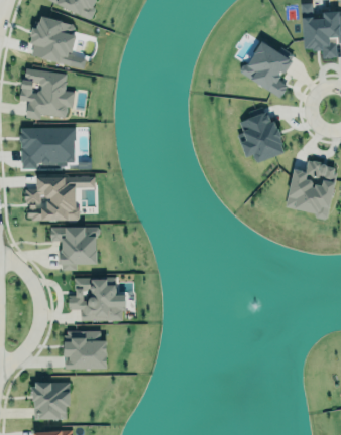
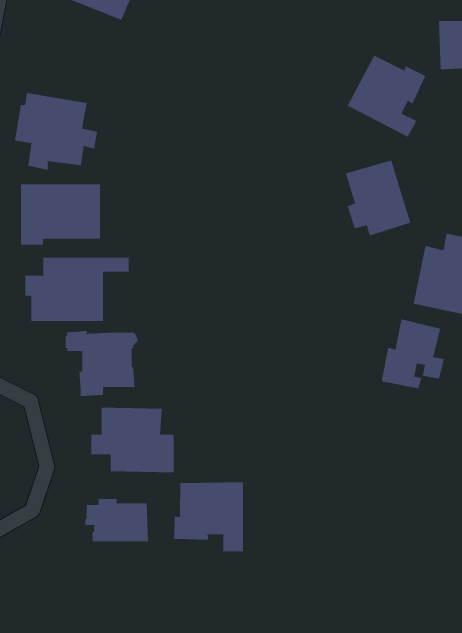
building: [30,13,80,67] -> none
building: none -> [381,319,445,389]
building: none -> [174,482,243,552]
building: [32,383,71,420] -> none

